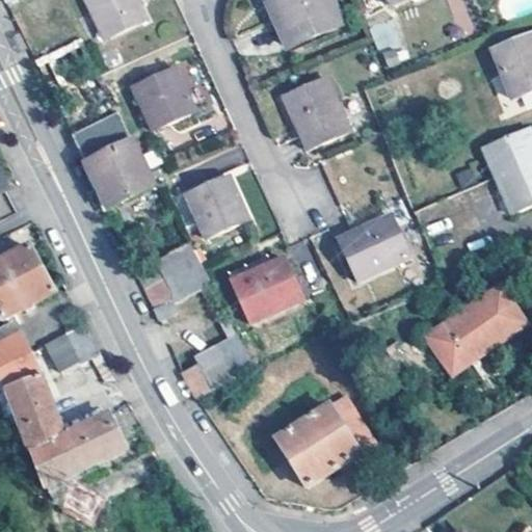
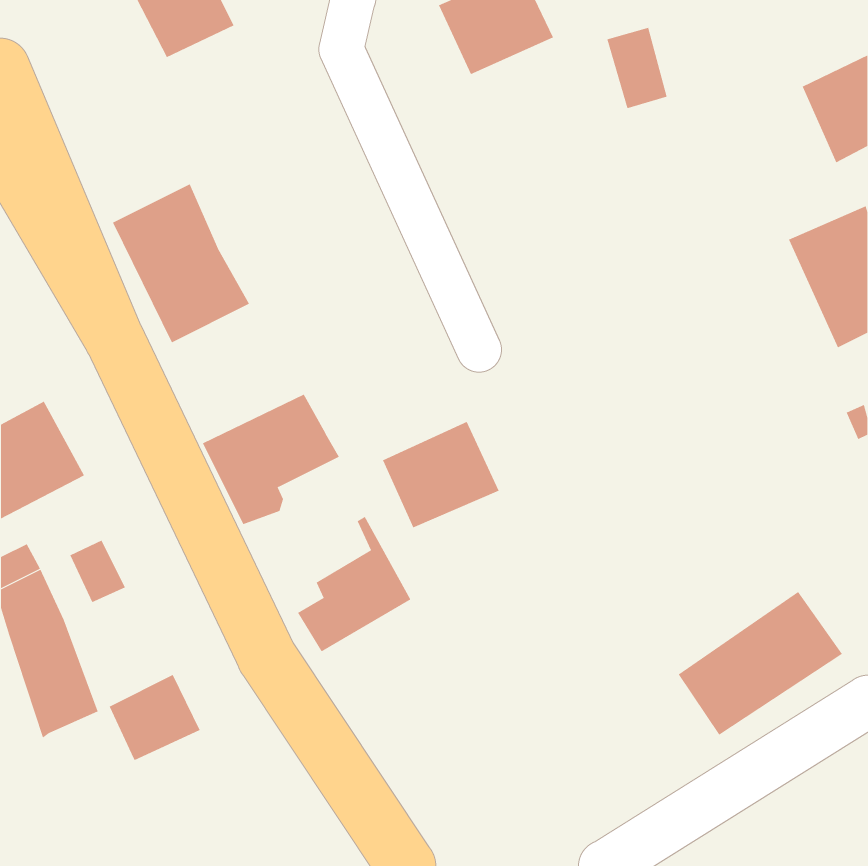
building: [133,65,193,127] -> none
building: [284,78,348,148] -> none
building: [186,172,249,236] -> none
building: [343,215,413,282] -> none
building: [425,286,526,374] -> [678,591,843,735]
building: [273,394,372,486] -> none
building: [30,432,80,481] -> none

